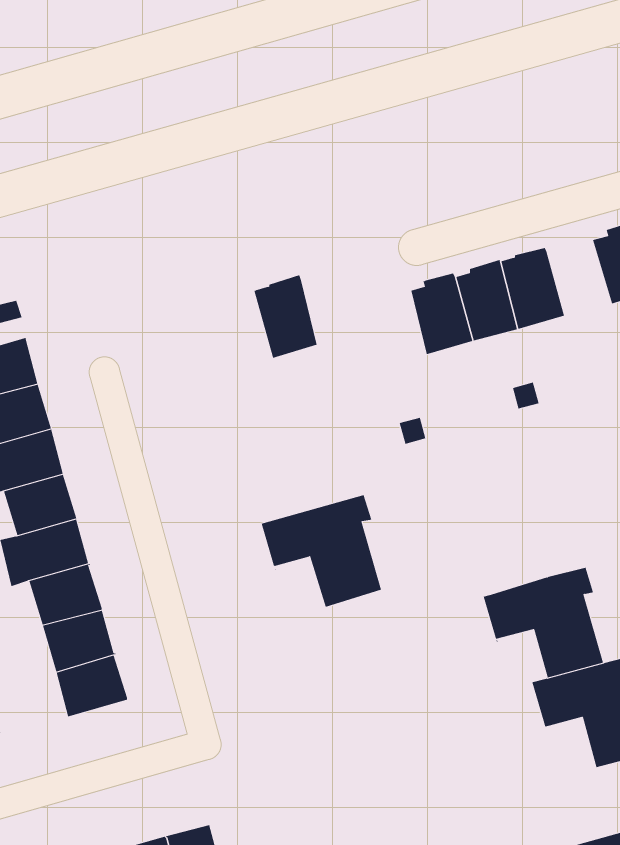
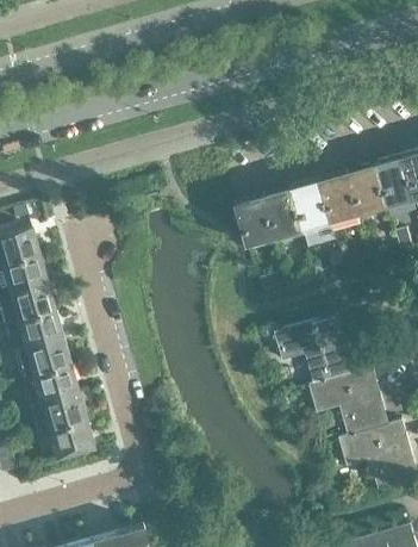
building: none -> [349,164,388,215]
building: [253,275,317,358] -> [236,195,275,247]
building: [261,494,382,607] -> [275,316,349,385]

